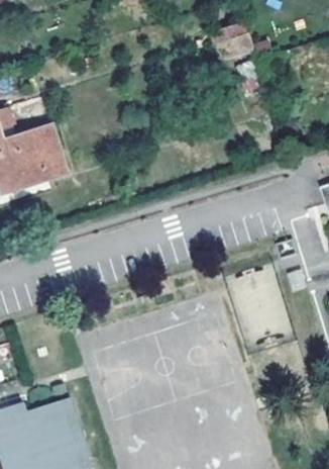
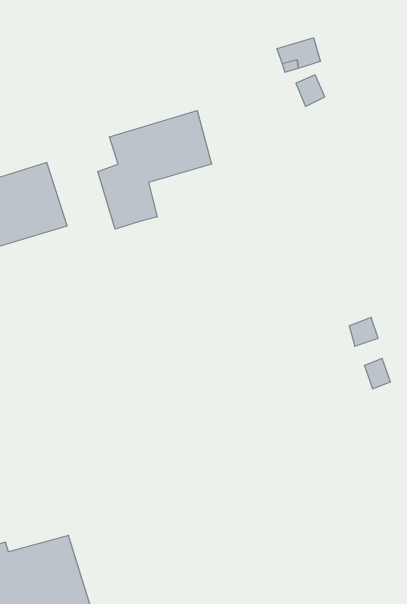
building: none -> [98,110,212,229]

